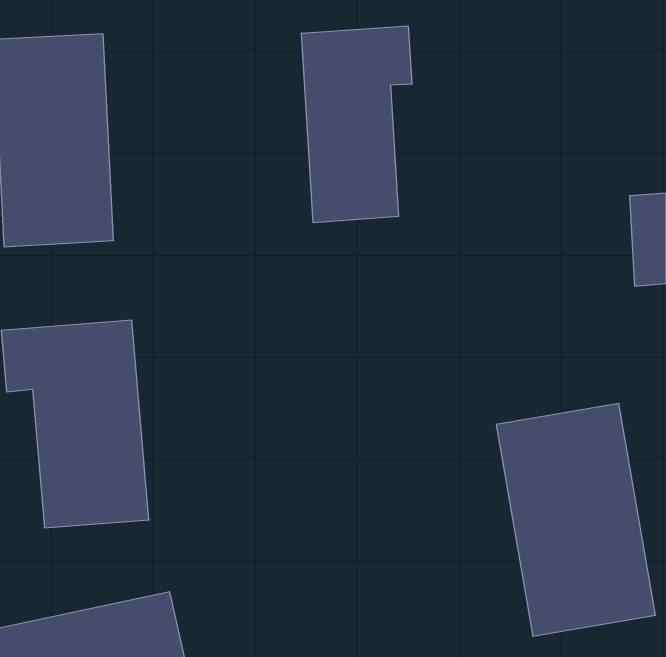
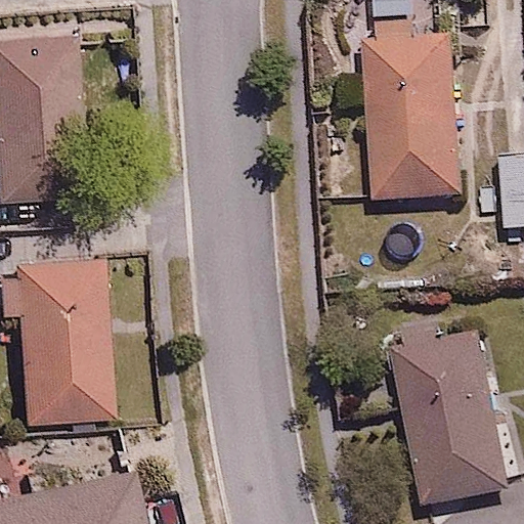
building: [301,26,412,223] -> none
building: none -> [359,29,454,200]

